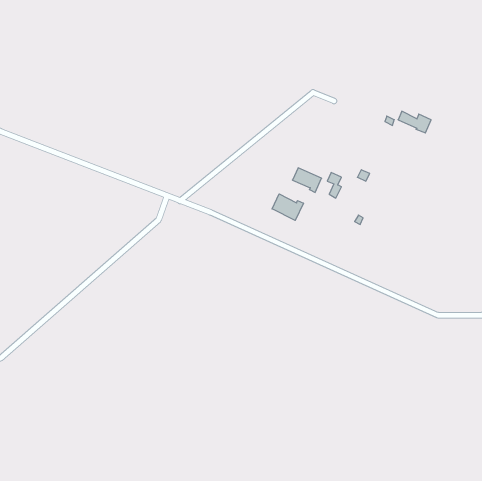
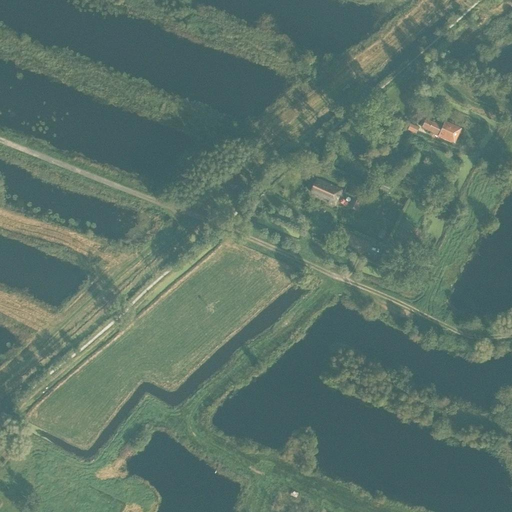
building: [272,194,303,220] -> none

